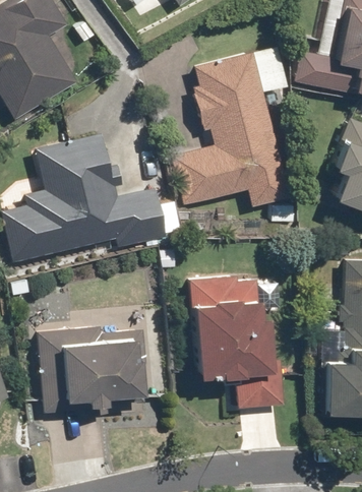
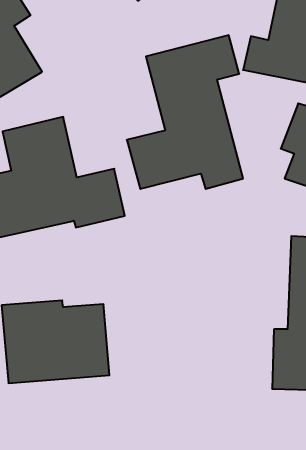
building: [189,271,285,408] -> none

